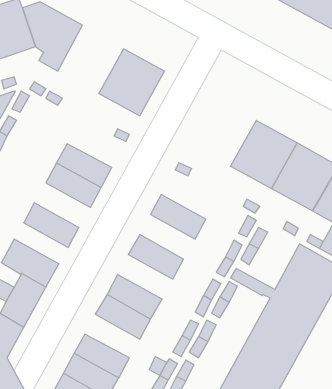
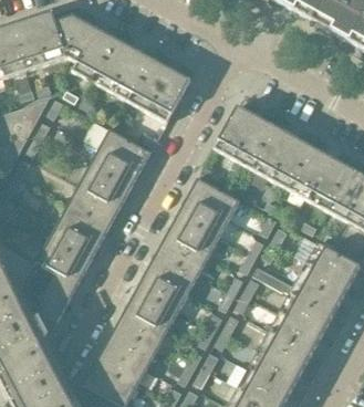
building: none -> [90,35,152,100]
building: none -> [214,104,277,168]
building: none -> [98,127,152,169]
building: none -> [187,176,240,218]
building: none -> [67,184,121,226]
building: none -> [167,213,219,255]
building: none -> [49,221,100,260]
building: none -> [146,251,198,293]
building: none -> [115,307,167,348]

